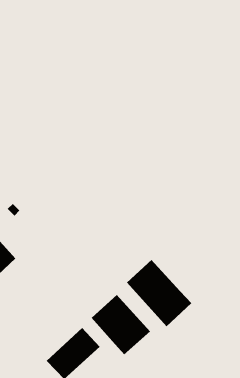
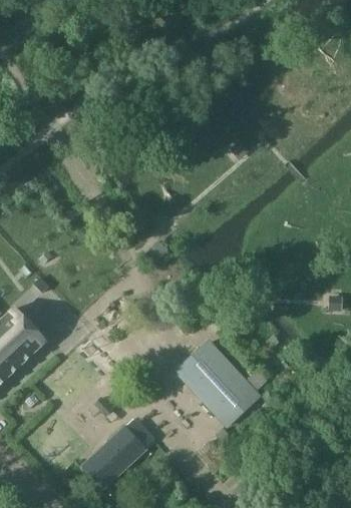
building: [91,294,151,355] -> none

